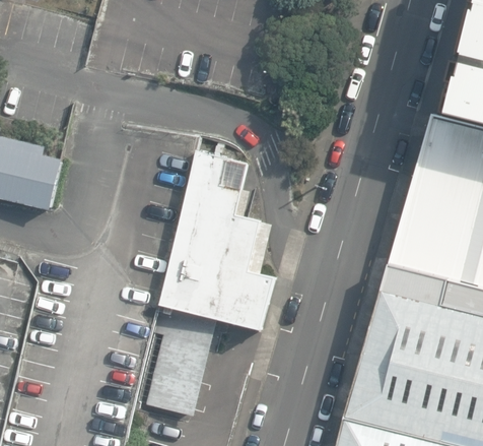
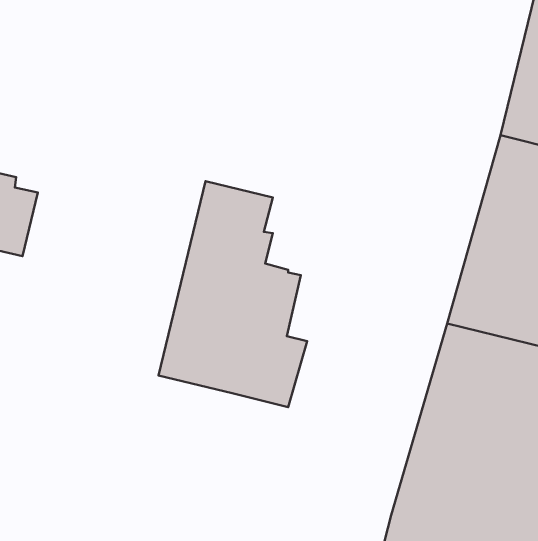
building: [146,305,218,416] -> none

